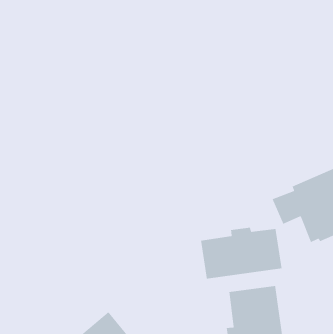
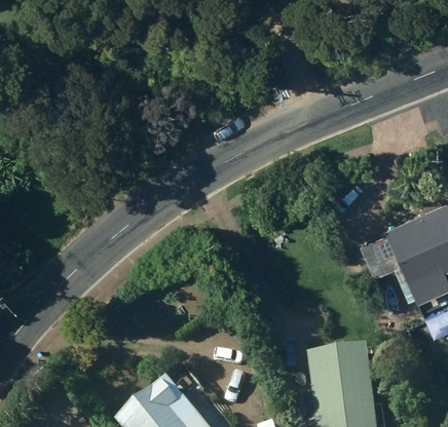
building: [200,227,283,279] -> none

